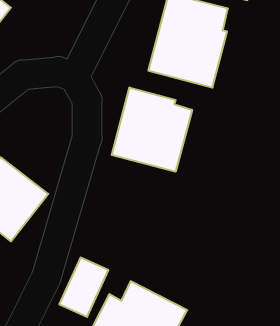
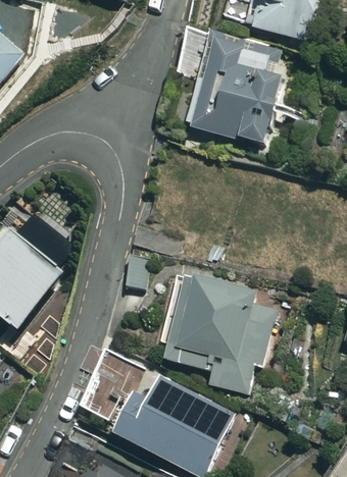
building: [112,87,192,172] -> none
building: none -> [159,272,275,391]

